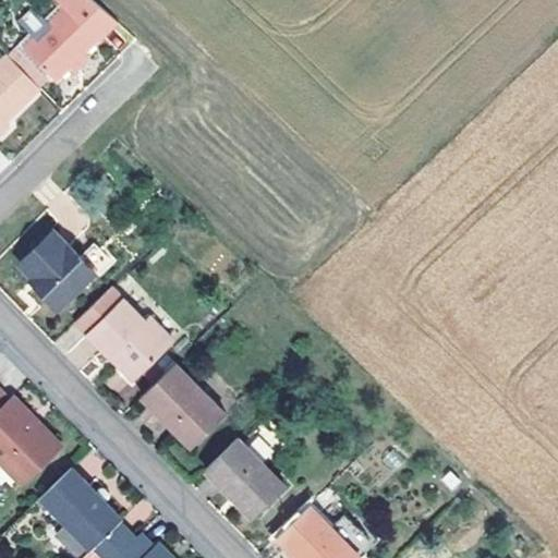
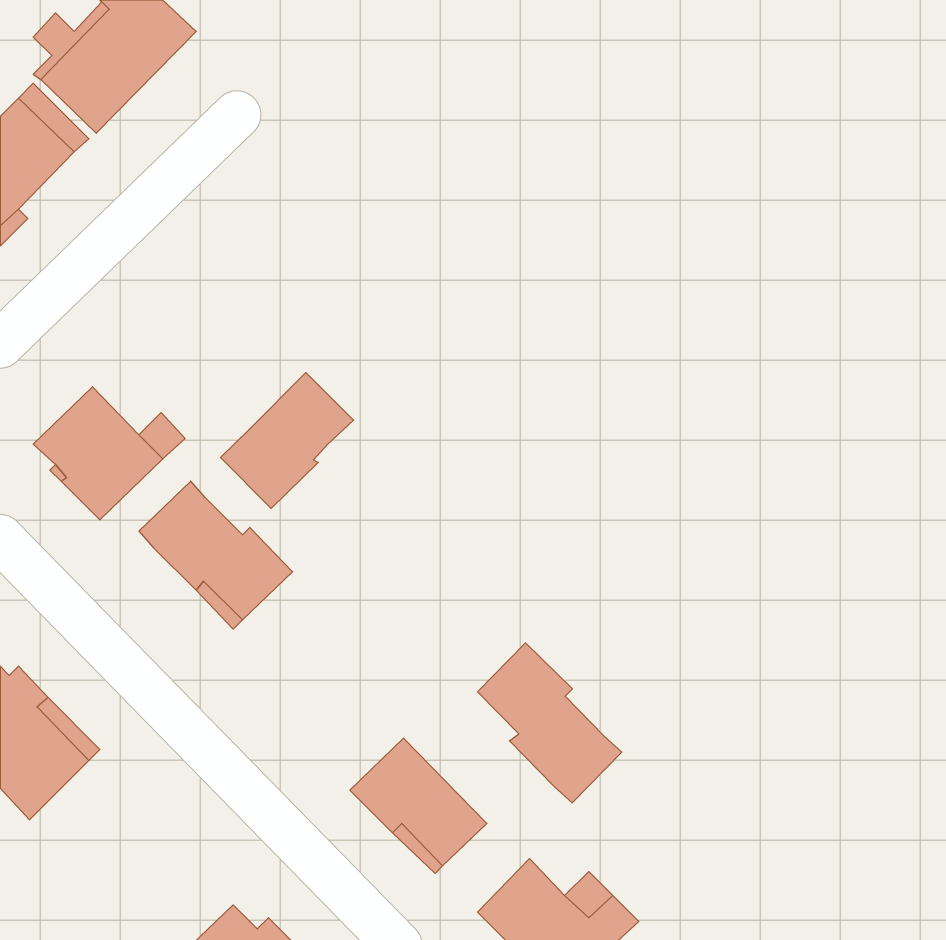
building: none -> [220,373,354,508]
building: [140,363,225,445] -> none
building: none -> [478,643,622,803]
building: [39,469,119,548] -> none

